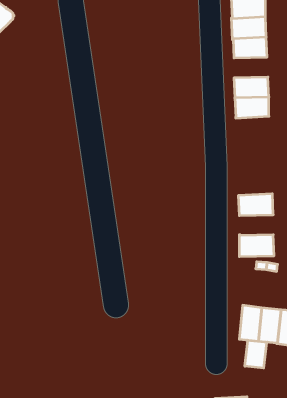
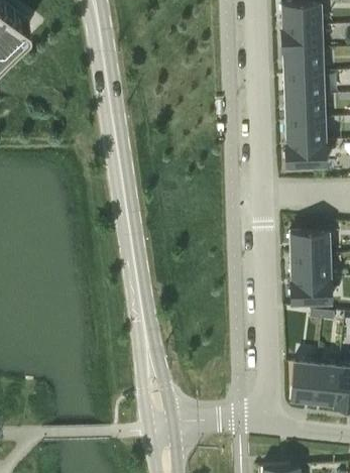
building: none -> [285,78,325,102]
building: none -> [286,146,327,172]
building: none -> [291,260,331,284]
building: [245,340,267,368] -> none

